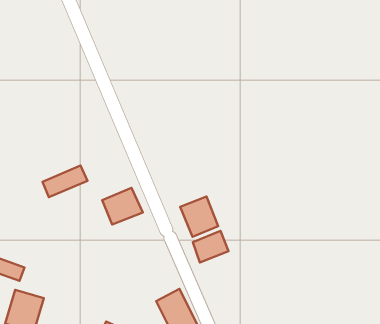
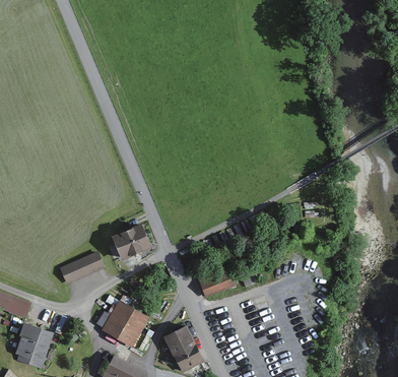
building: [43,166,87,197] -> [60,252,105,284]
building: [180,196,218,237] -> none
building: none -> [103,300,150,347]

